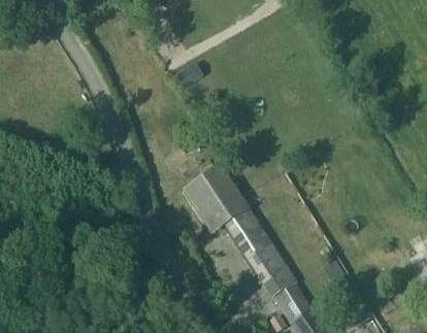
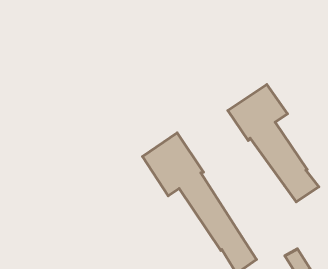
building: none -> [228,85,319,202]

